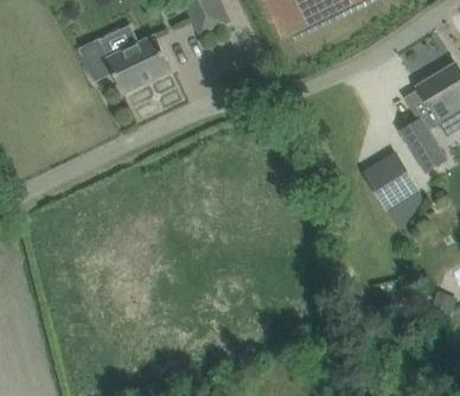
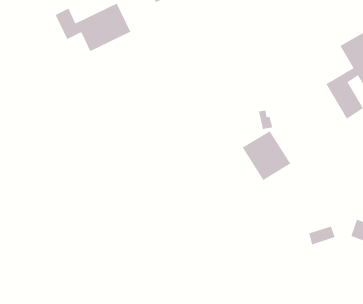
building: [363,152,421,211] -> [242,130,291,181]

